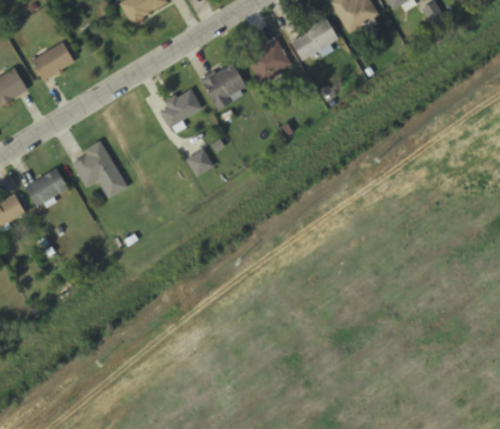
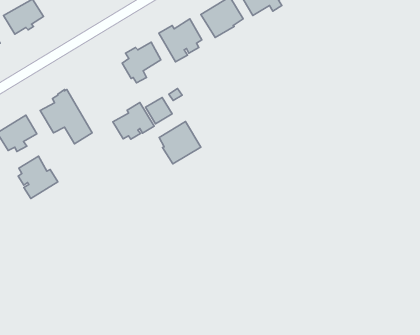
building: none -> [113,103,154,139]
building: none -> [159,122,201,164]
building: none -> [18,156,58,198]

